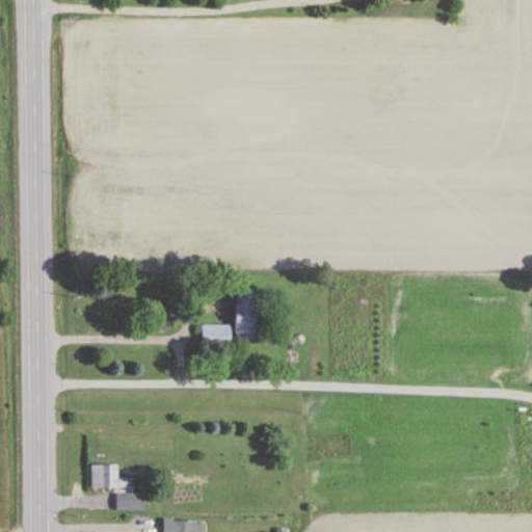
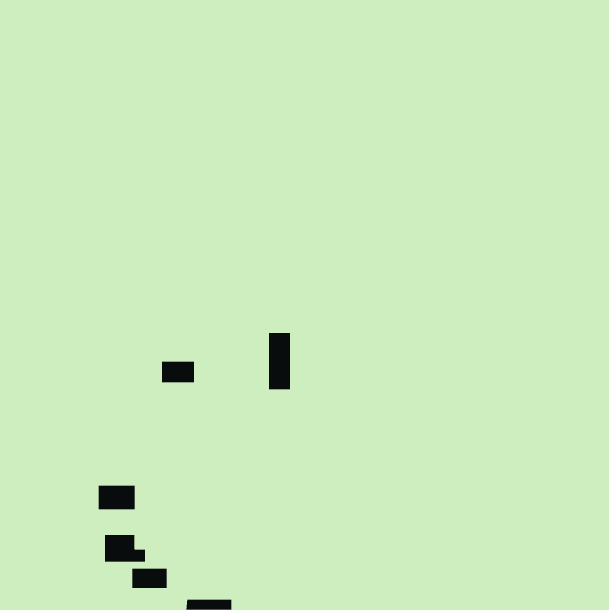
building: [203,324,232,343] -> [161,361,195,383]
building: none -> [98,485,135,510]

